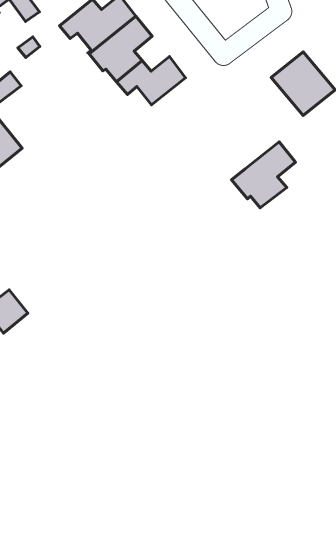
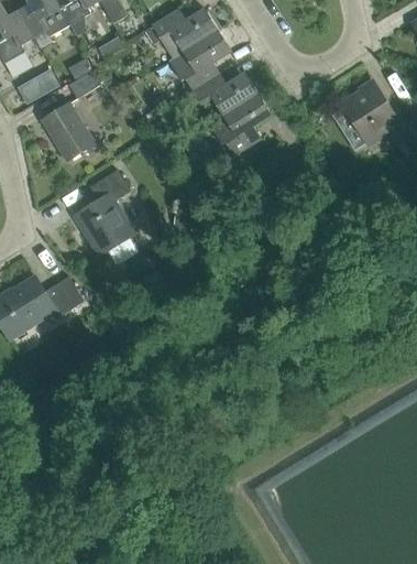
building: [231,142,295,208] -> [209,94,272,154]
building: none -> [75,169,134,256]

